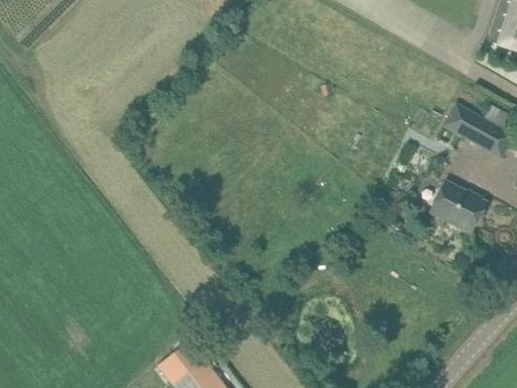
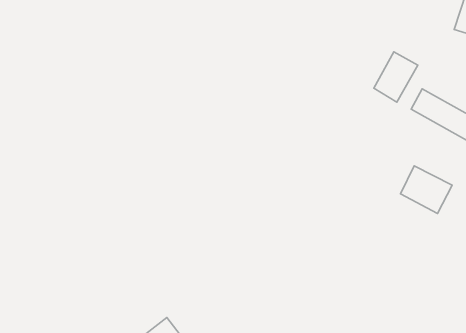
building: none -> [374,52,418,102]

